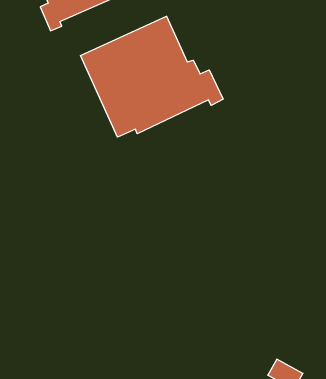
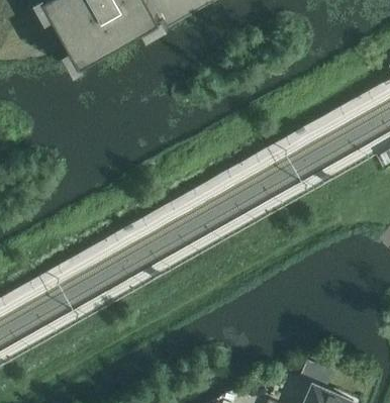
building: [81,16,223,137] -> none

